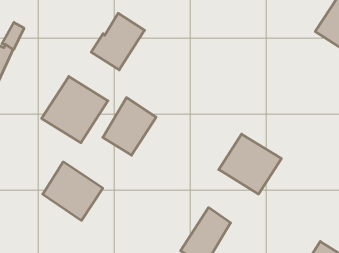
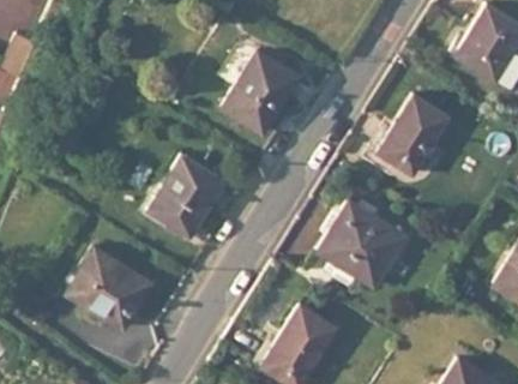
building: [91,13,145,70] -> [222,49,297,130]
building: none -> [377,100,445,178]
building: [42,76,108,143] -> none

